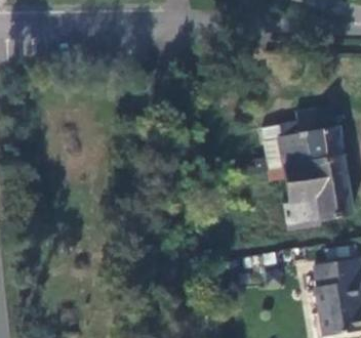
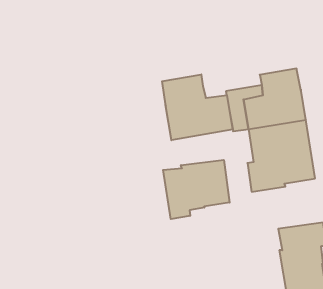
building: none -> [162,74,232,140]
building: none -> [163,160,230,219]

